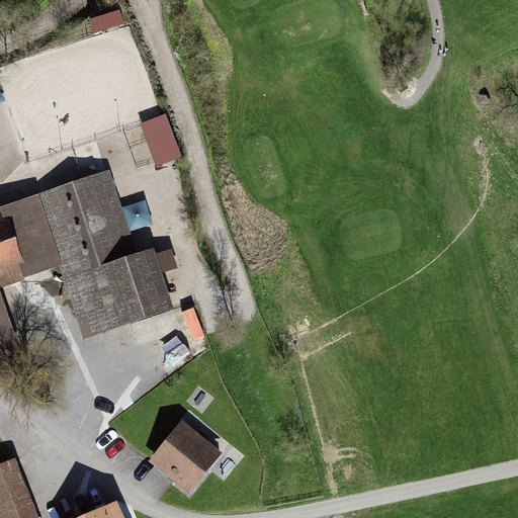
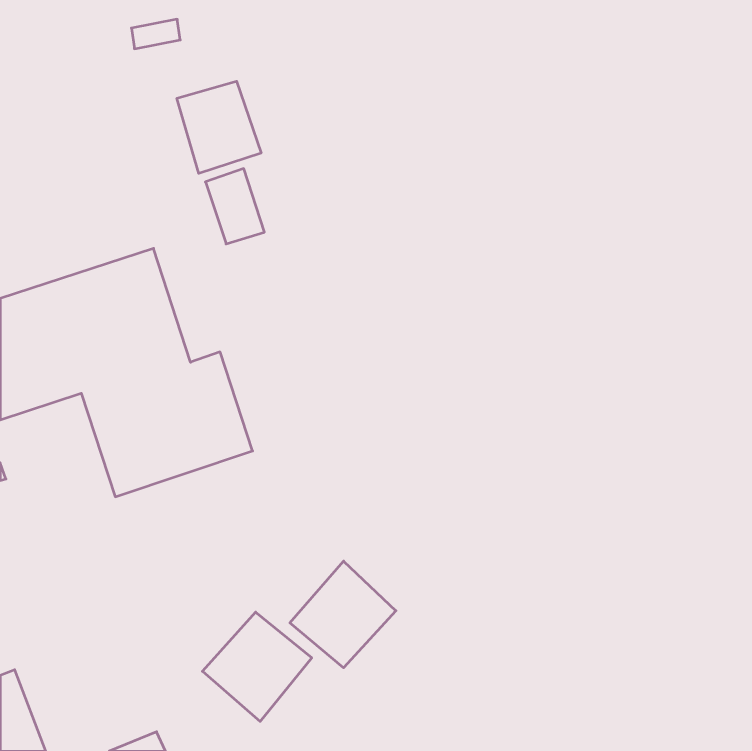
building: none -> [177,81,261,173]
building: none -> [290,561,396,668]

